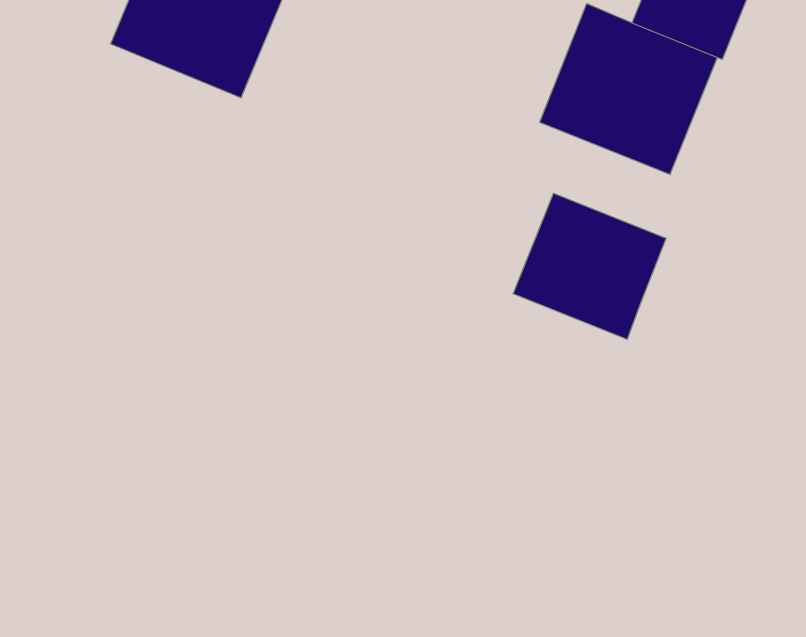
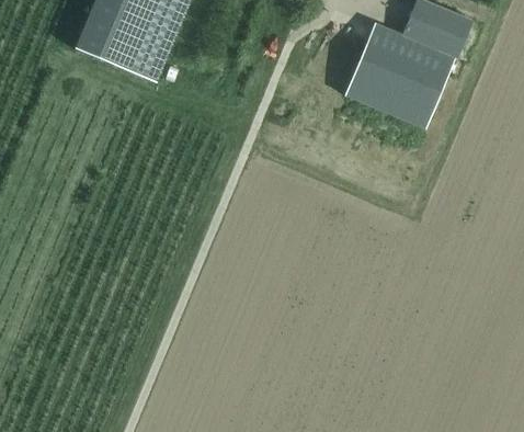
building: [513,193,666,340] -> none

